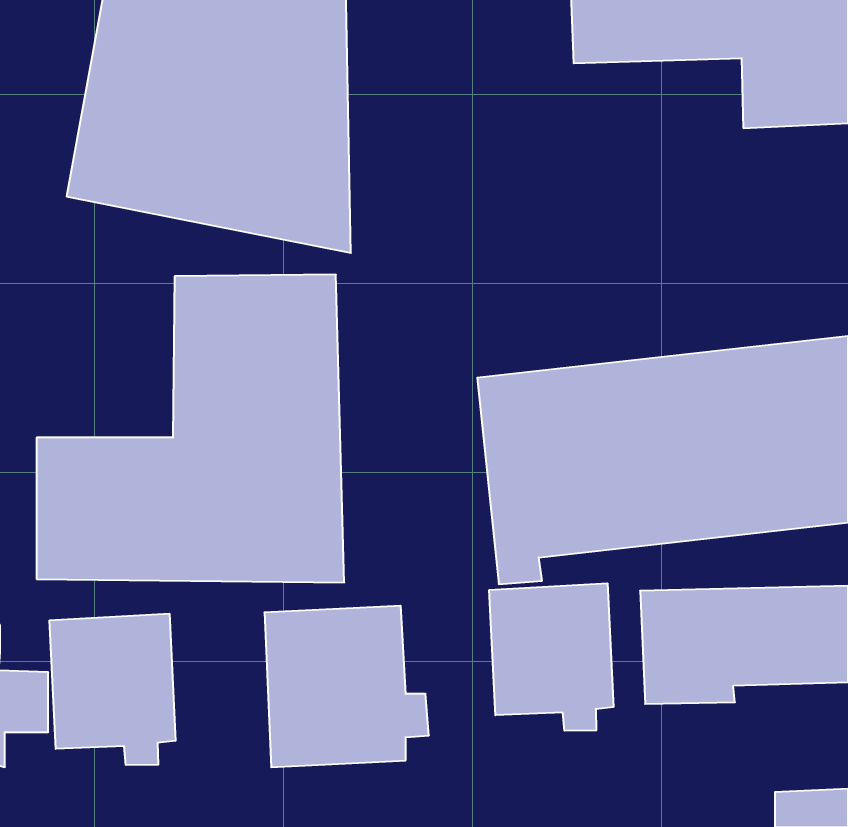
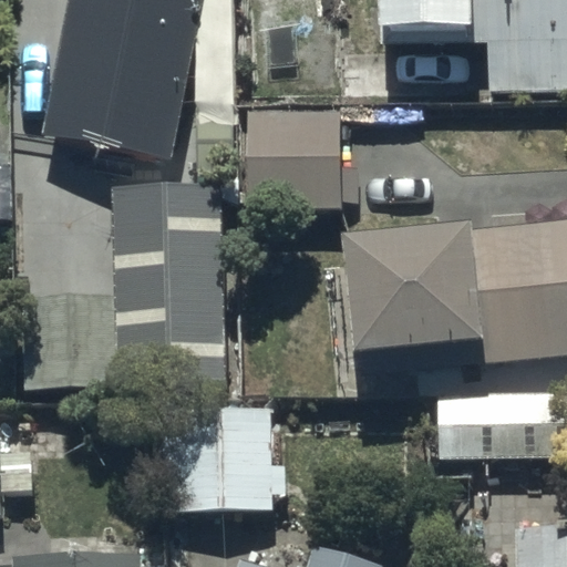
building: none -> [248,110,343,205]
building: [489,583,613,731] -> none
building: [50,614,176,765] -> none

